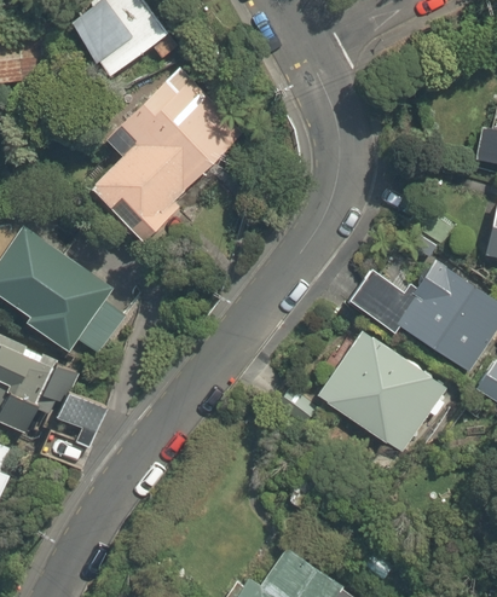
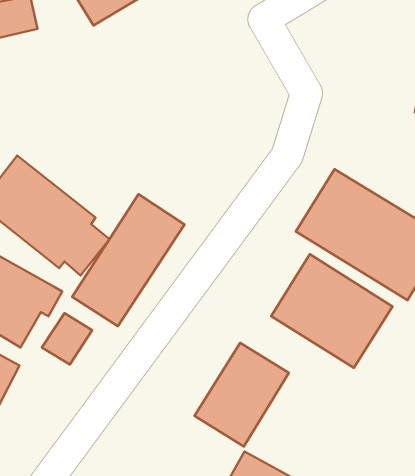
building: [96,64,249,232] -> none
building: none -> [72,194,184,326]
building: none -> [195,343,289,447]

